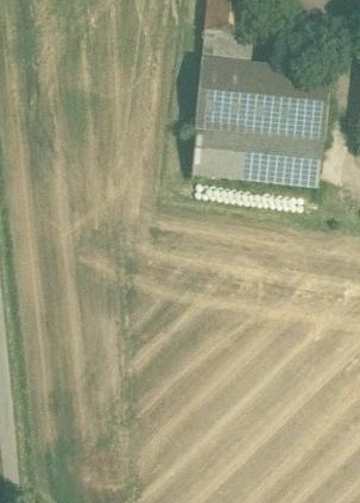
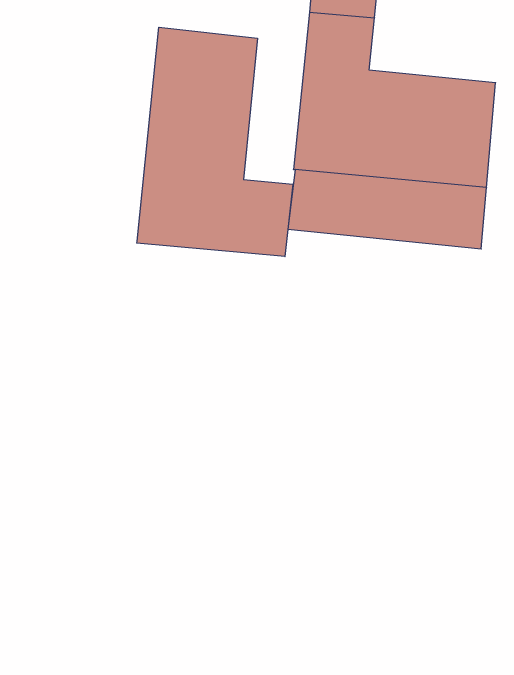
building: none -> [137,27,293,257]

